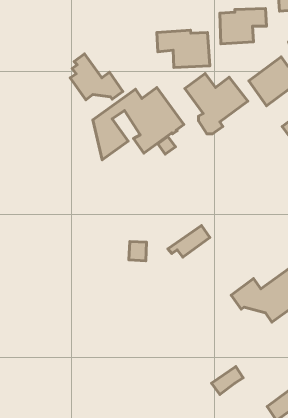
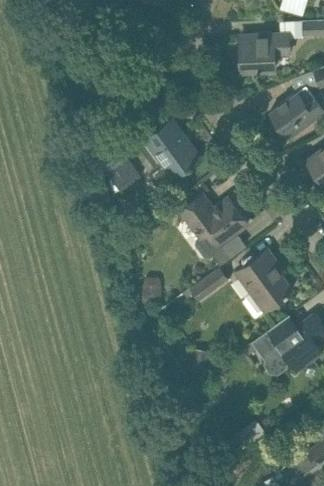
building: [157,30,210,67] -> none
building: [70,54,123,100] -> none
building: [185,73,248,134] -> [180,194,248,259]
building: none -> [236,250,292,311]

